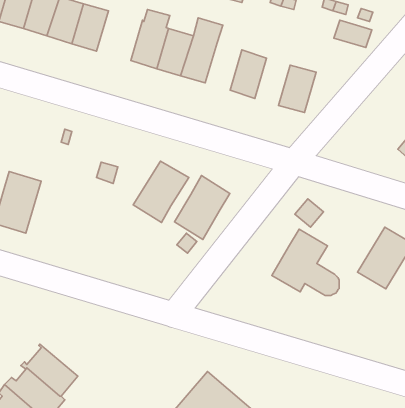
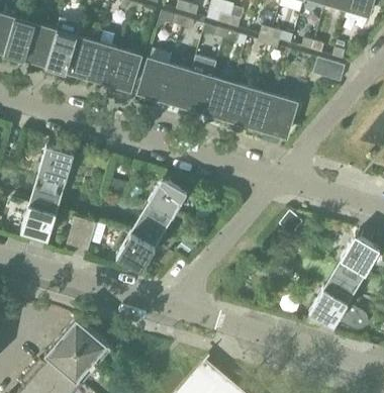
building: none -> [108,51,140,91]
building: none -> [201,78,232,118]
building: none -> [244,91,274,131]
building: none -> [33,145,74,196]
building: [174,176,230,239] -> [116,216,164,271]
building: none -> [68,217,96,251]
building: [272,229,339,295] -> [308,274,366,330]
building: none -> [60,317,107,363]

